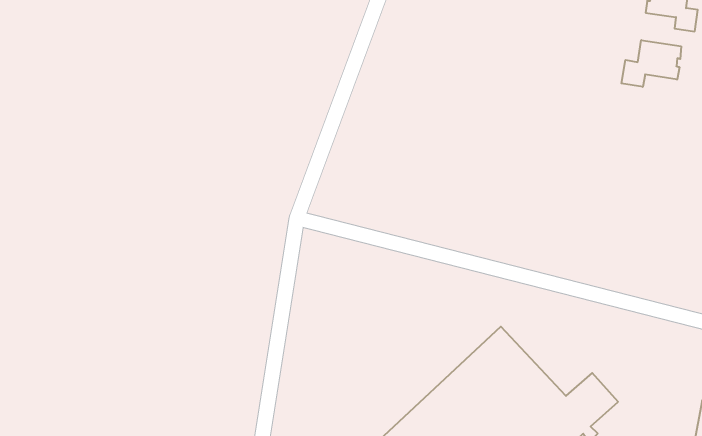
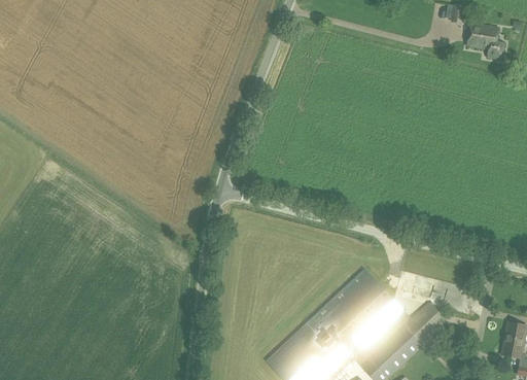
building: [621,40,681,87] -> none

